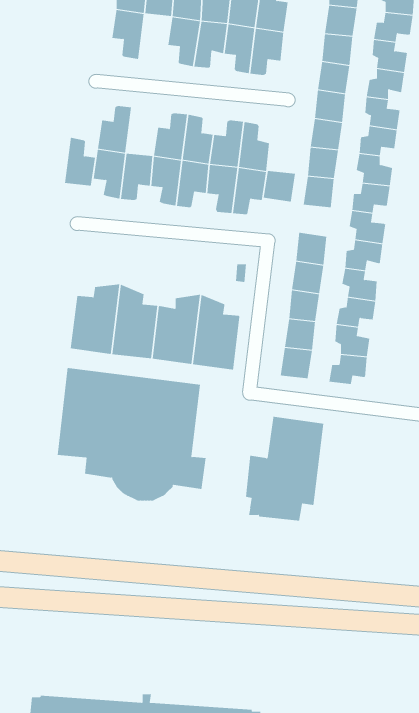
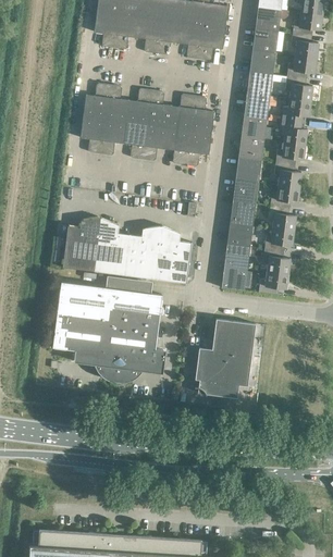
building: none -> [114,13,139,49]
building: [64,137,96,186] -> [104,84,128,121]
building: [263,171,296,202] -> [235,158,260,182]

